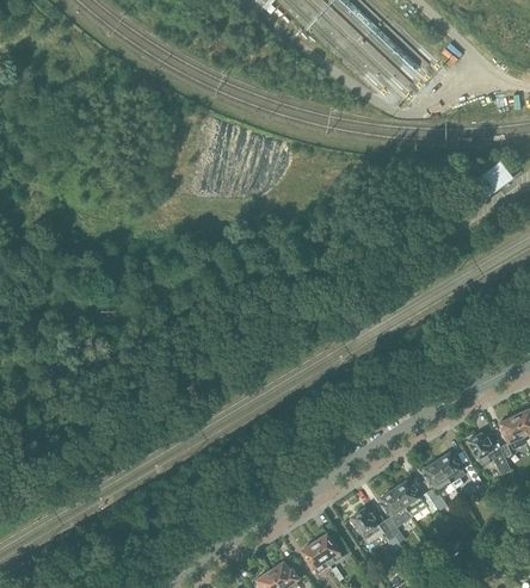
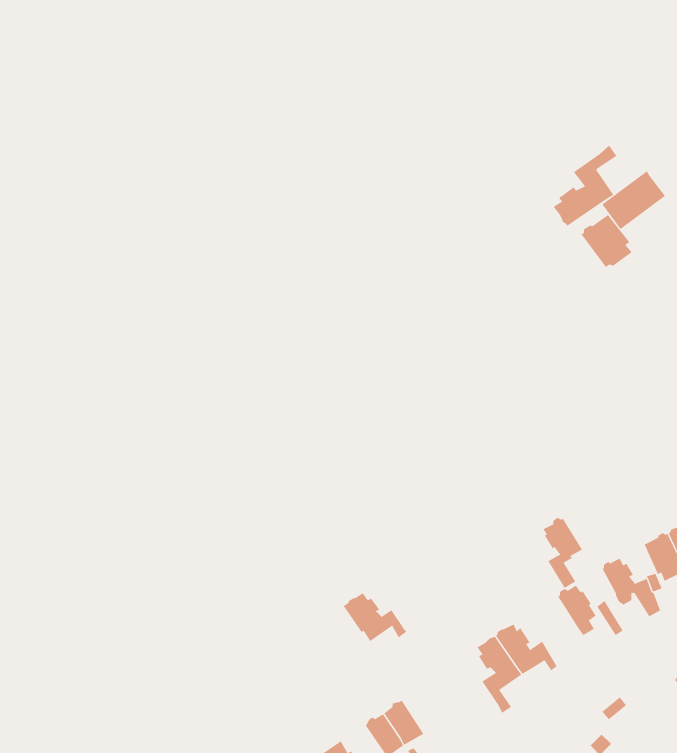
building: none -> [553,145,617,227]
building: none -> [581,214,633,268]
building: [424,460,452,510] -> [542,517,583,588]
building: [350,508,395,543] -> [343,593,407,642]

